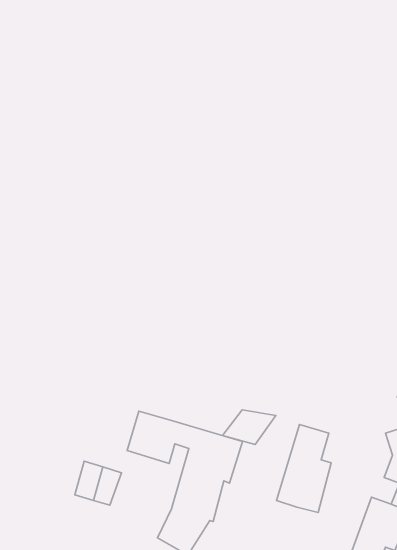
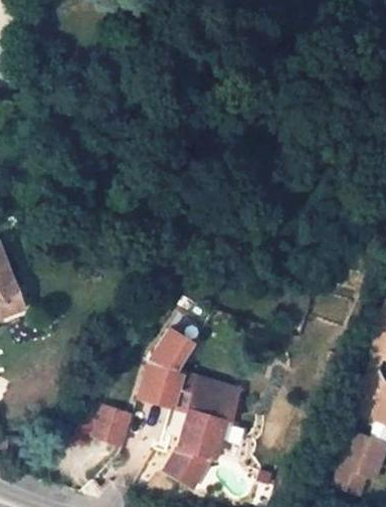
building: [223,410,276,445] -> [149,338,195,368]
building: [276,424,331,513] -> none

